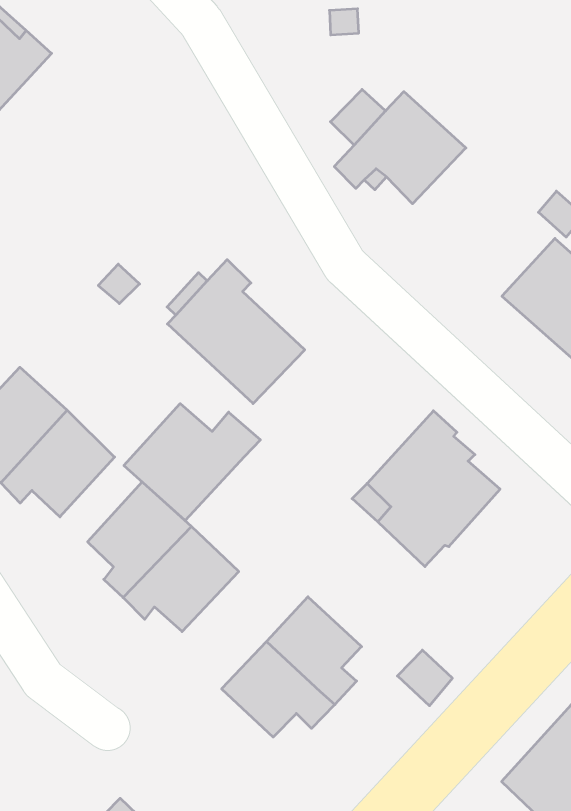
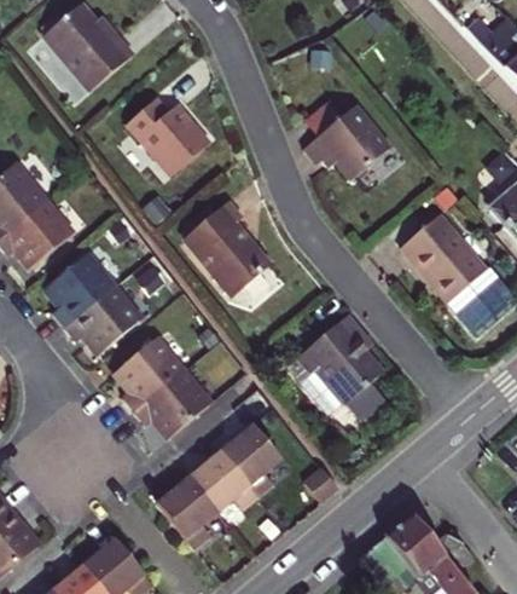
building: none -> [127,99,210,175]
building: [124,404,260,521] -> none
building: none -> [157,475,219,549]

